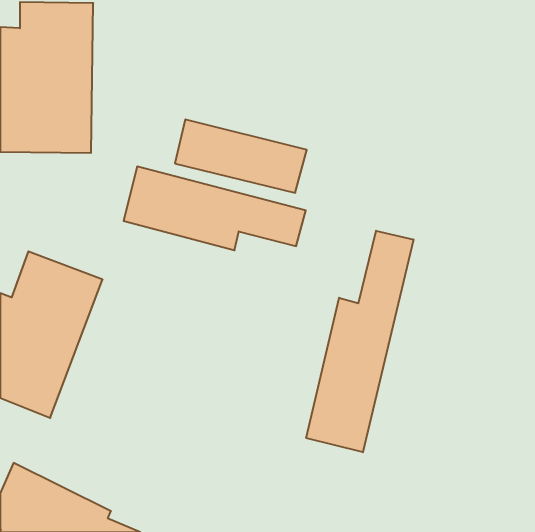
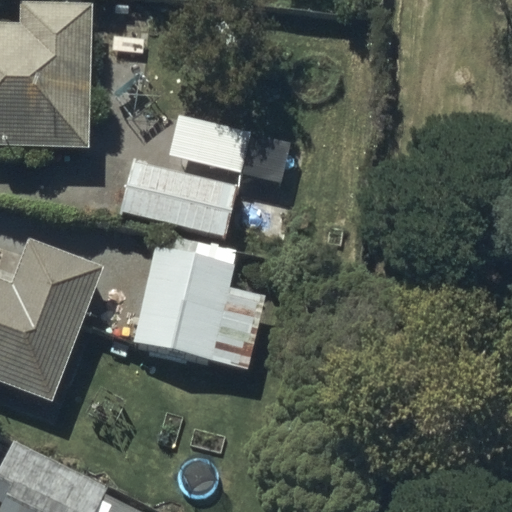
building: [306,231,413,452] -> none
building: none -> [129,236,266,369]

